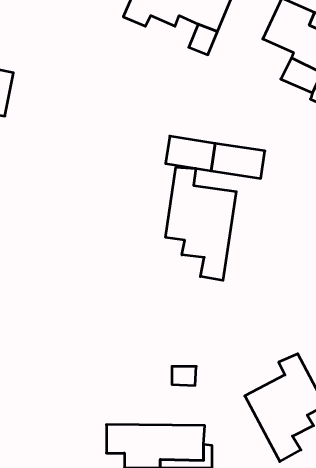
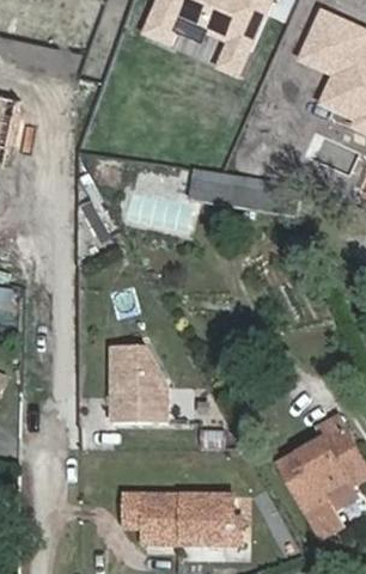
building: [166,167,236,280] -> none
building: none -> [110,342,166,420]

